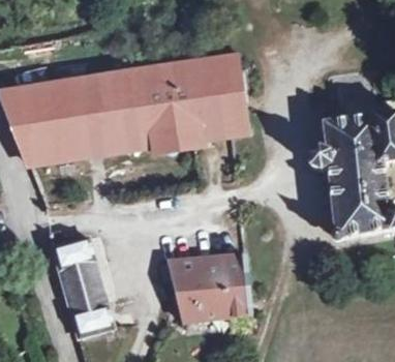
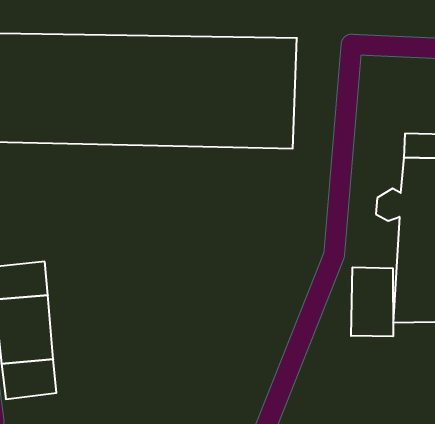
building: none -> [351,267,393,336]
building: [158,253,247,320] -> none

